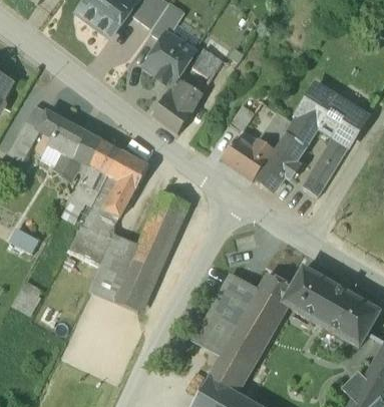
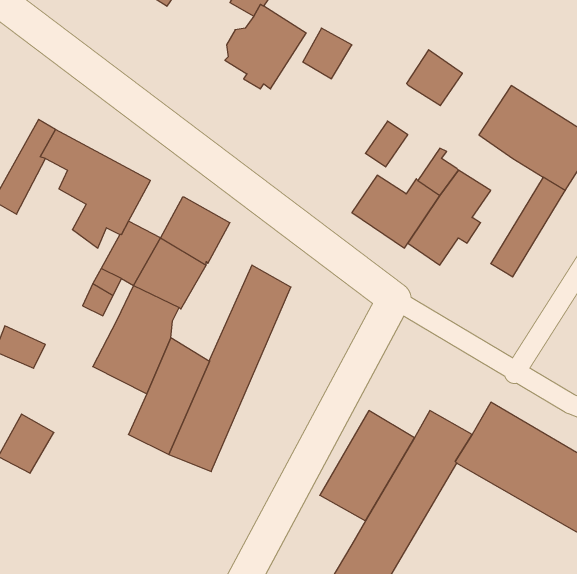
building: [153,81,203,131] -> none
building: [285,111,318,144] -> [407,50,462,106]
building: [90,138,122,172] -> none
building: [196,325,231,354] -> none

